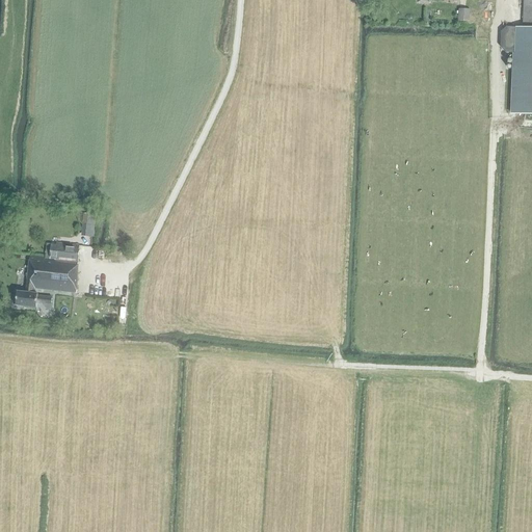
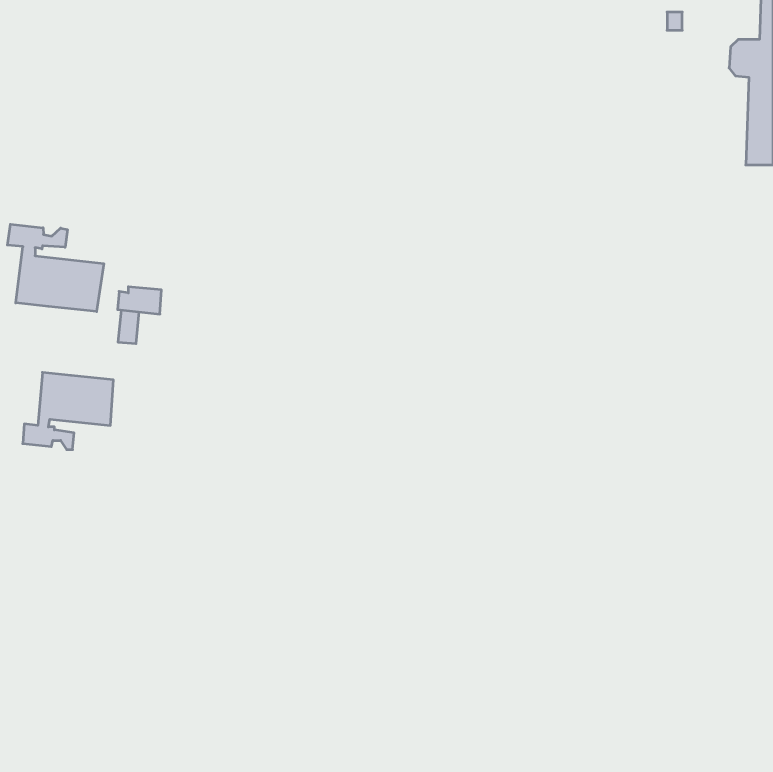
building: none -> [7,224,104,312]
building: [49,242,79,261] -> [118,287,161,314]

